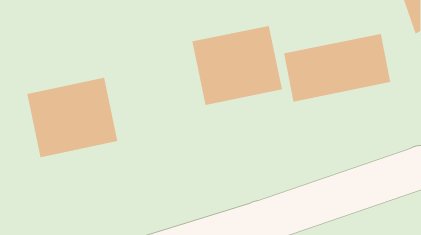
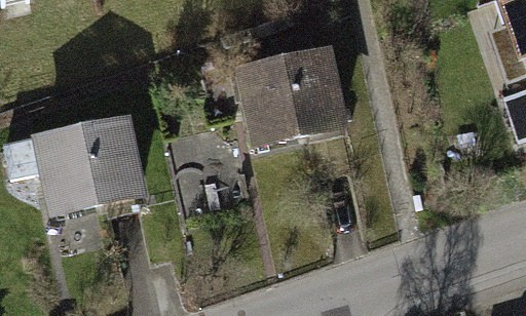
building: [284,33,391,102] -> none

